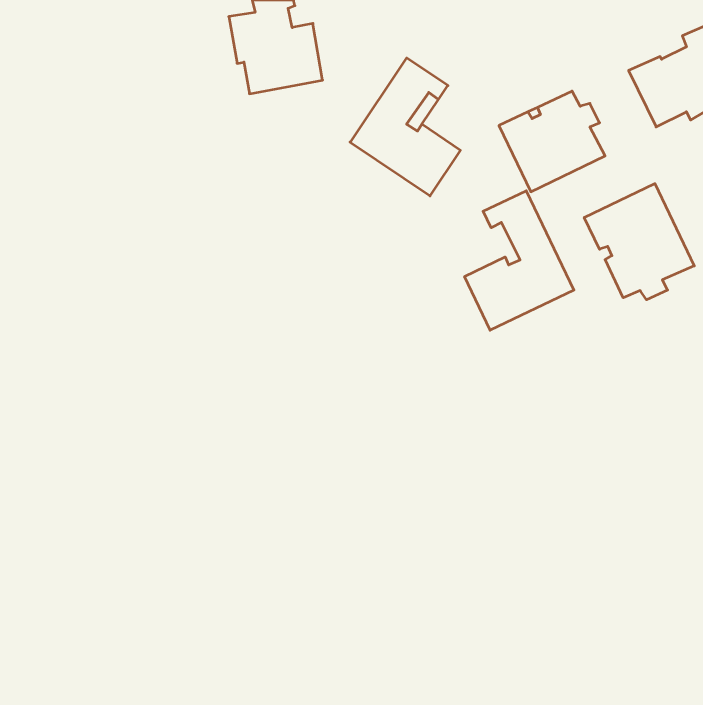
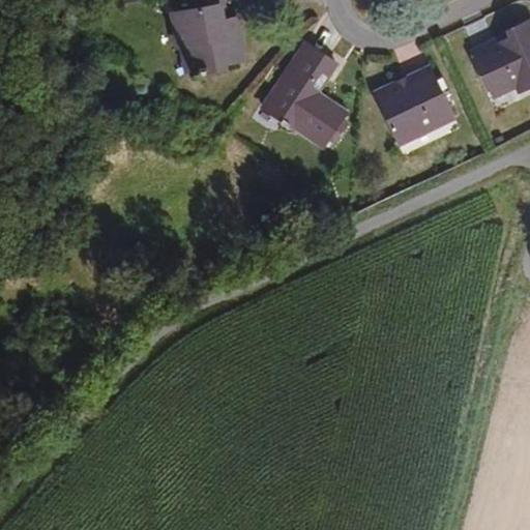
building: [584,184,694,300] -> none
building: [465,191,574,330] -> none

